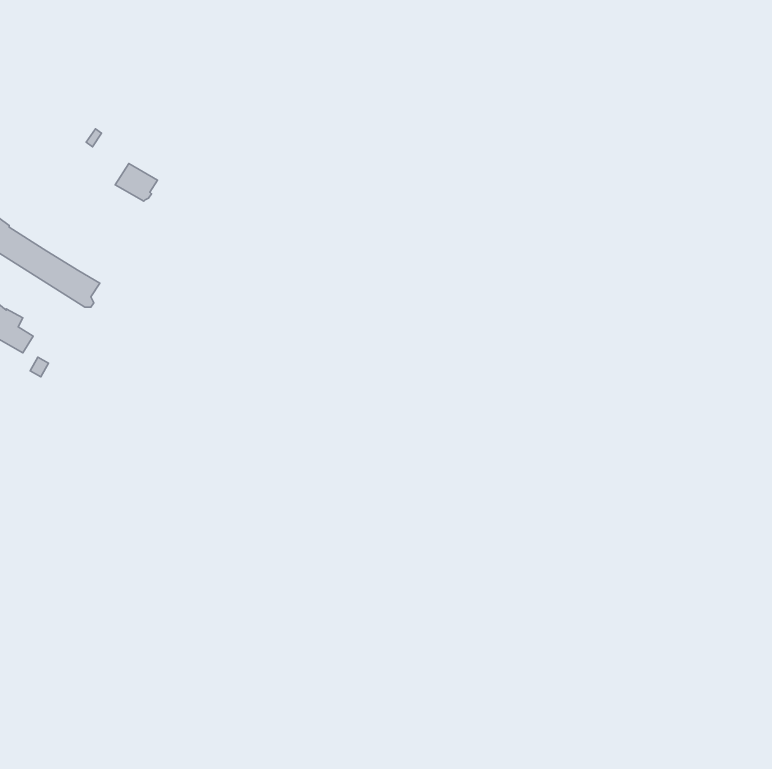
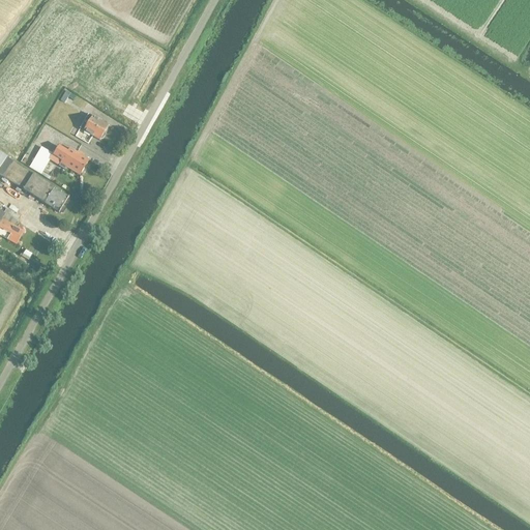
building: none -> [28,144,88,178]

